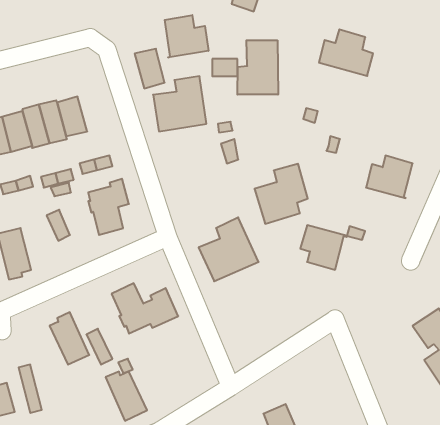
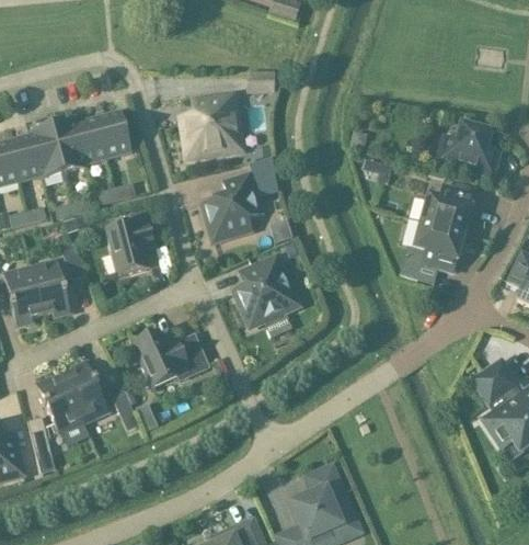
building: [165,15,208,57] -> none
building: [319,29,373,76] -> [438,124,499,177]
building: [237,40,278,95] -> none
building: [135,49,165,88] -> [95,112,129,157]
building: [254,164,308,224] -> [200,173,261,241]
building: none -> [31,260,70,316]
building: [300,225,347,270] -> [414,220,467,271]
building: [106,372,147,421] -> [37,377,84,433]

